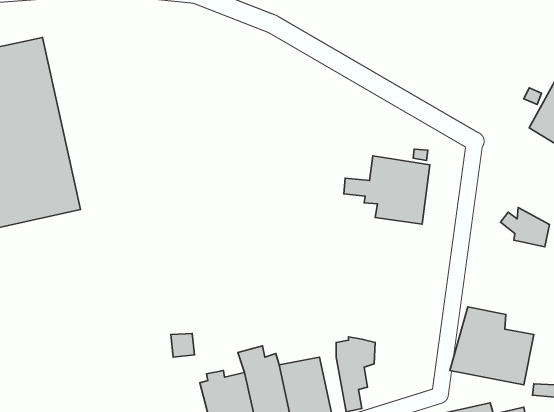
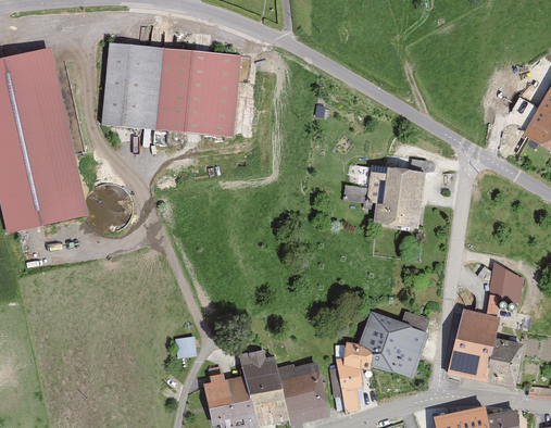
building: none -> [101,43,241,140]
building: [500,208,549,247] -> [476,261,524,299]
building: none -> [360,307,433,378]

